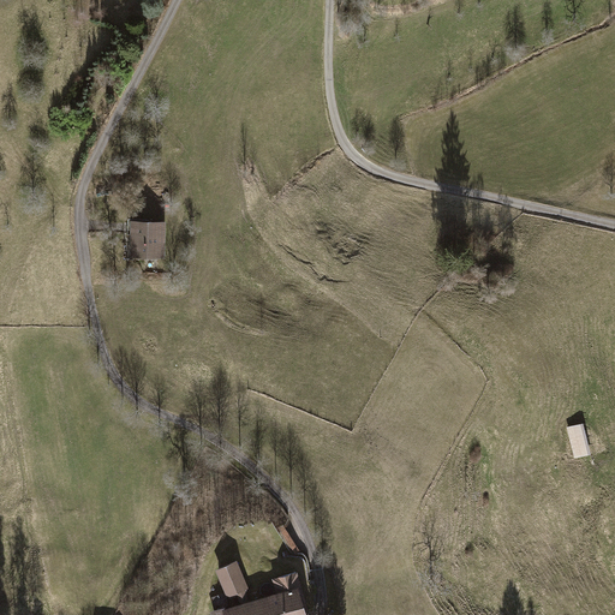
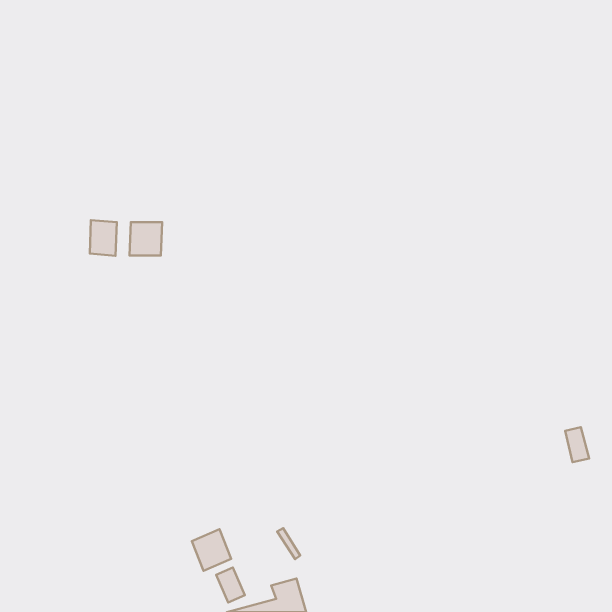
building: none -> [90,220,117,256]
building: none -> [192,529,231,571]

